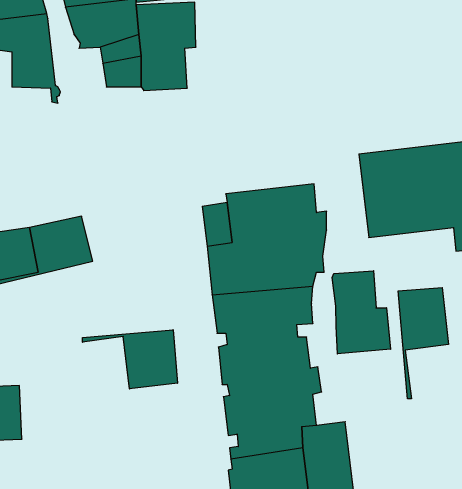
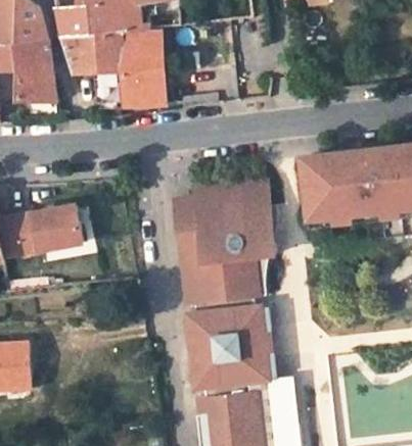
building: [332,271,391,354] -> none
building: [398,288,448,399] -> none
building: [83,330,177,389] -> none

